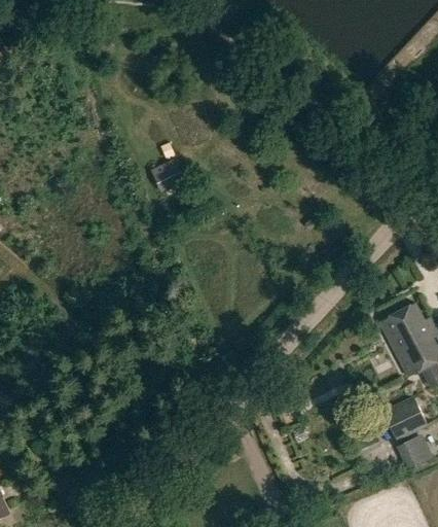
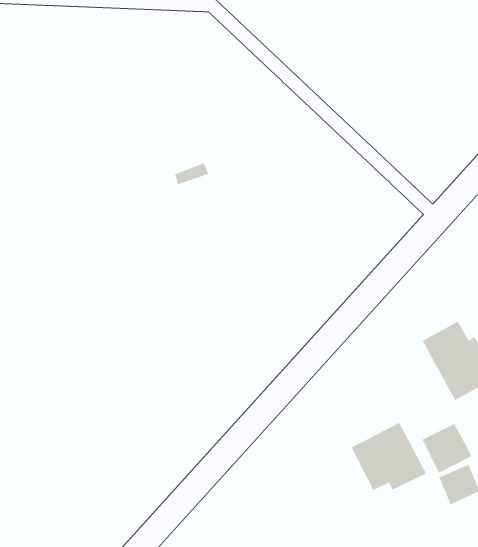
building: none -> [351,422,427,491]

